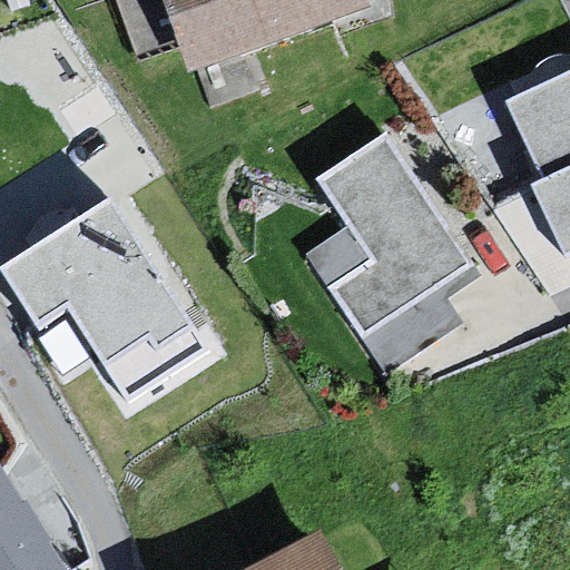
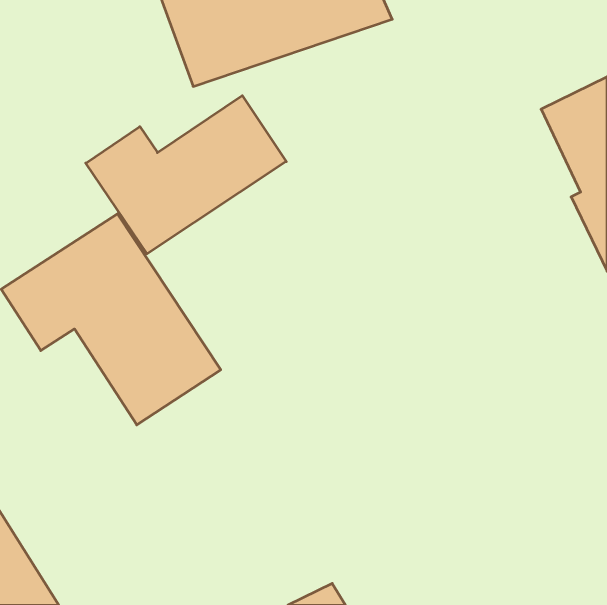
building: none -> [86,96,286,254]
building: [304,131,475,367] -> none

